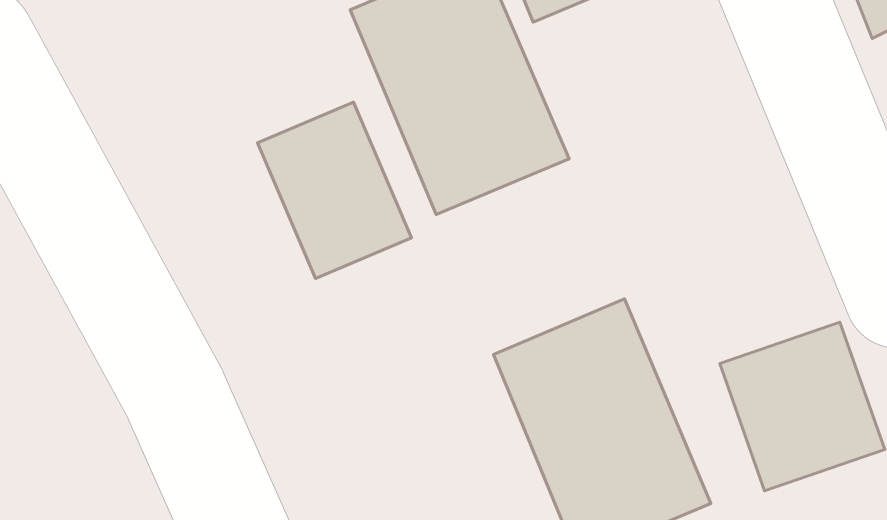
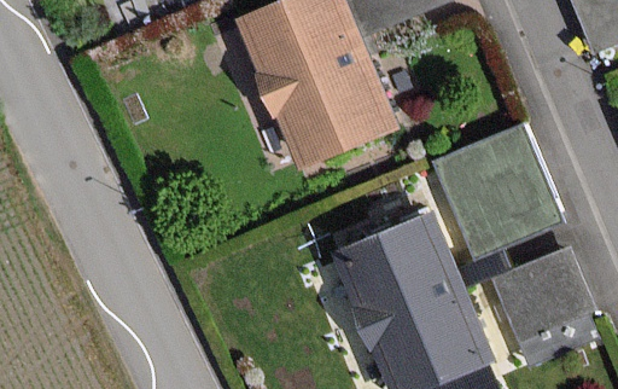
building: [257,102,411,278] -> none
building: none -> [435,129,556,256]

